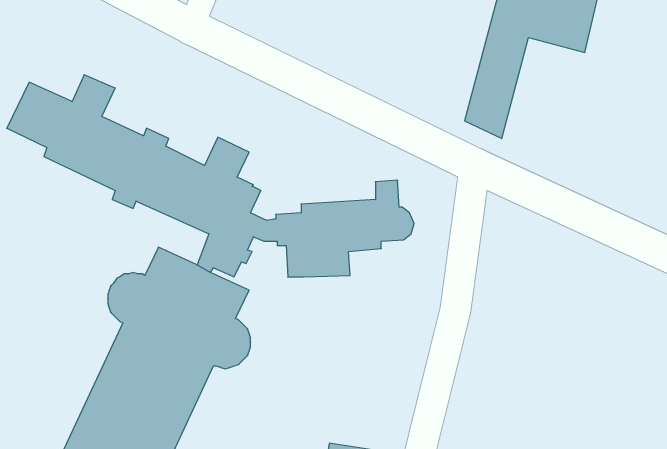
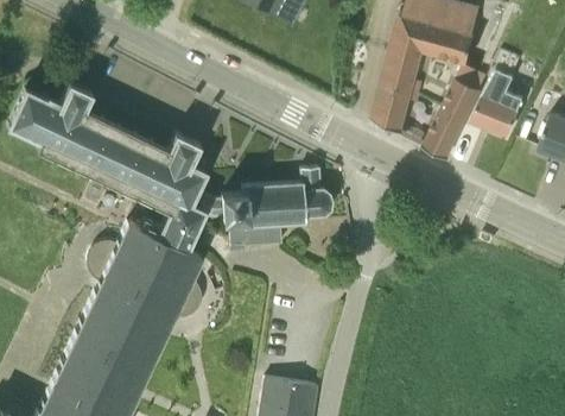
building: none -> [474,49,523,135]
building: none -> [425,67,487,159]

